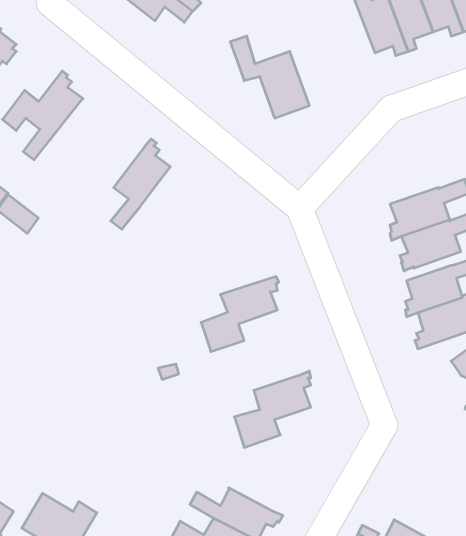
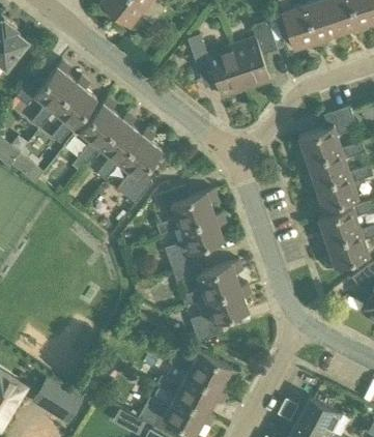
building: none -> [231,22,278,88]
building: none -> [52,77,96,144]
building: none -> [78,97,122,165]
building: none -> [296,107,356,165]
building: none -> [117,128,162,203]
building: none -> [156,187,221,236]
building: none -> [172,263,239,307]
building: none -> [168,350,237,390]

